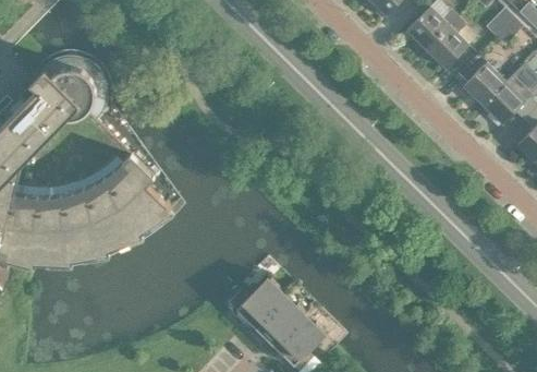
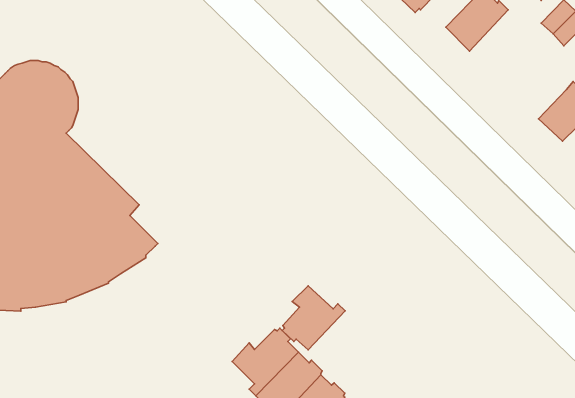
building: [426,15,475,68] -> none
building: [463,62,505,105] -> none
building: none -> [282,286,345,350]

